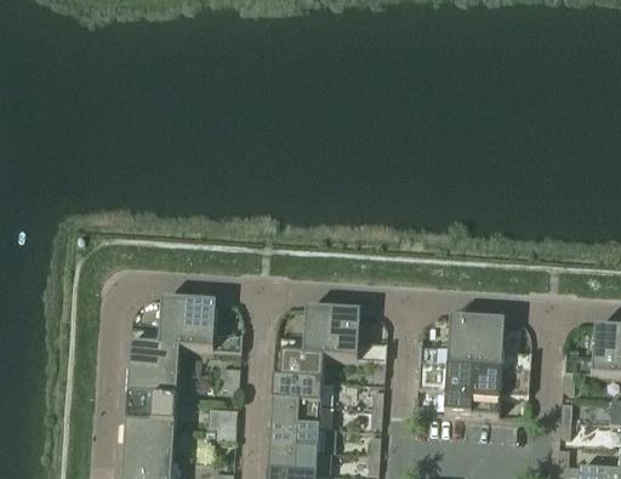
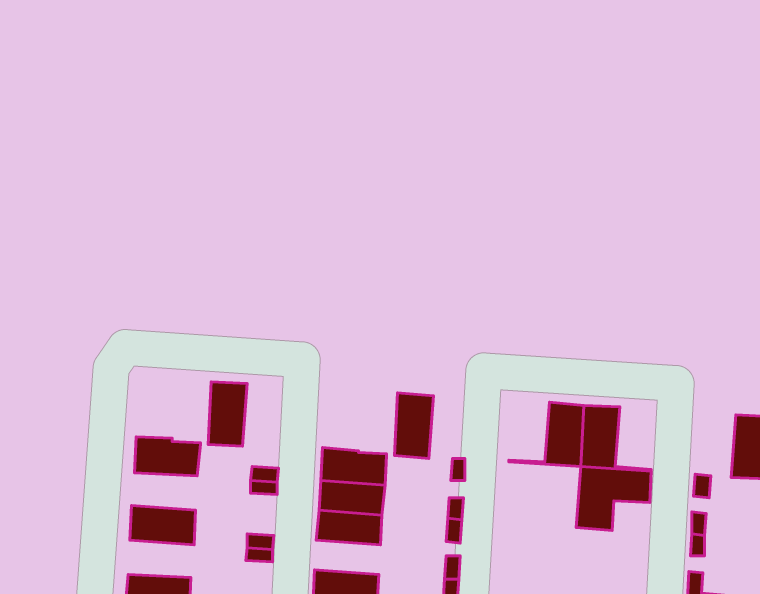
building: [159,297,189,348] -> none
building: [303,307,334,357] -> none
building: [418,361,475,412] -> none
building: [127,370,178,399] -> none
building: [125,422,176,451] -> none
building: [269,422,320,449] -> none

